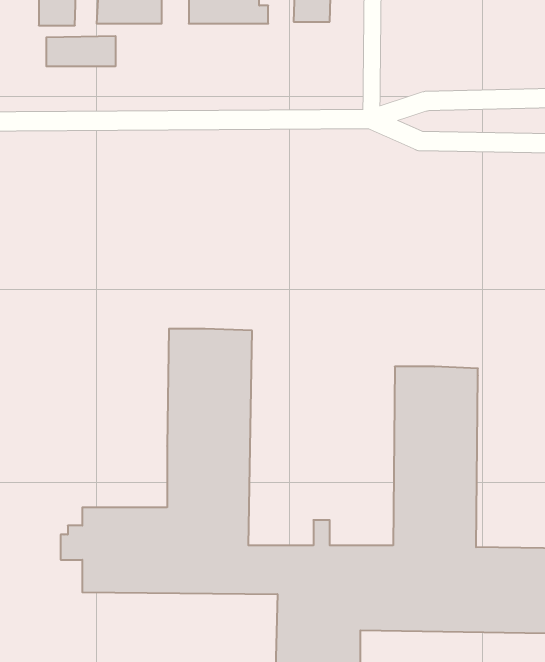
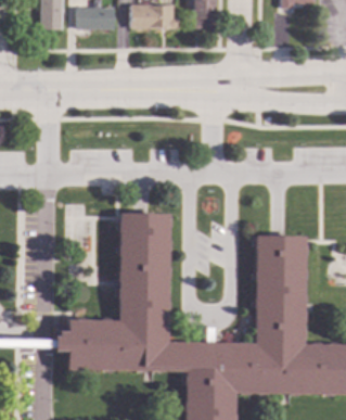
building: [46,36,115,66] -> none

